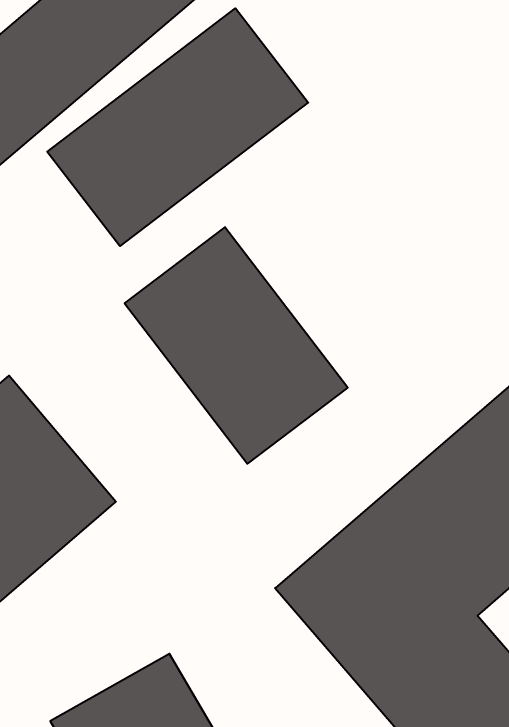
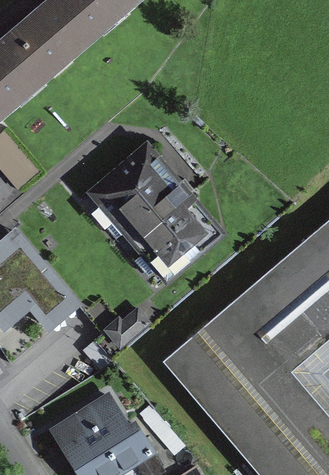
building: [47,8,308,246] -> none

